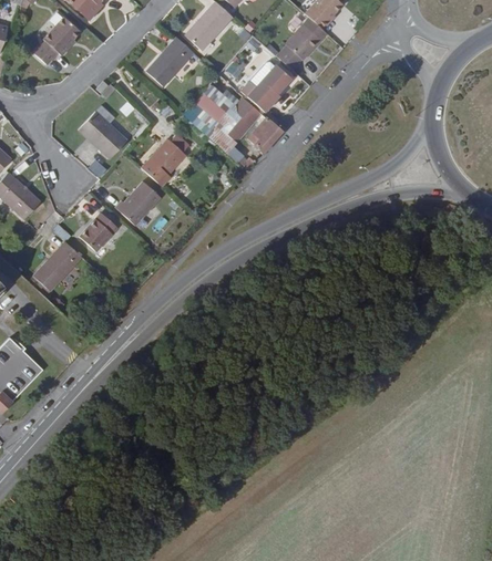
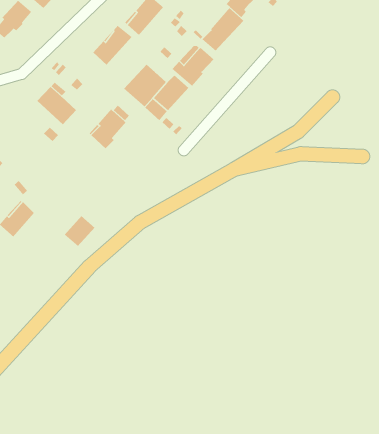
building: [247,117,281,153] -> none
building: [115,181,160,226] -> none
building: [79,212,116,250] -> [64,215,95,247]

